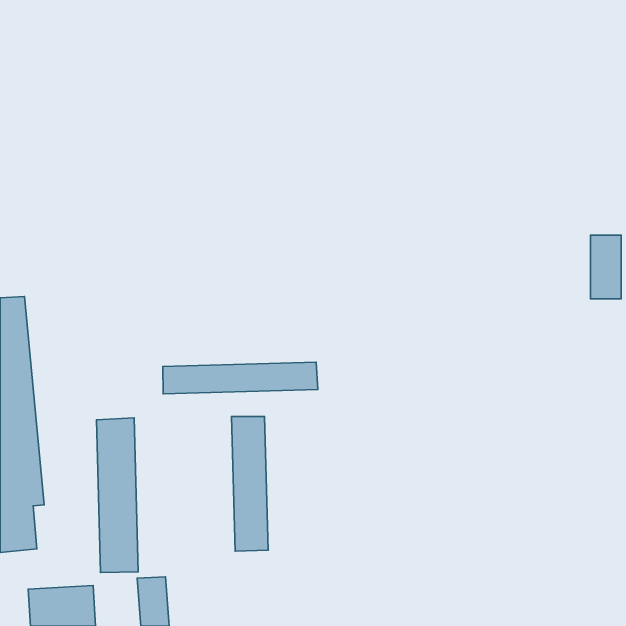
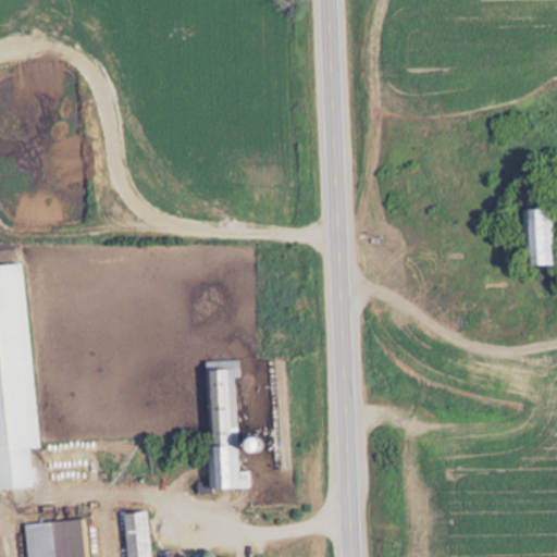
building: [163,362,318,394] -> none
building: [97,418,138,572] -> none

